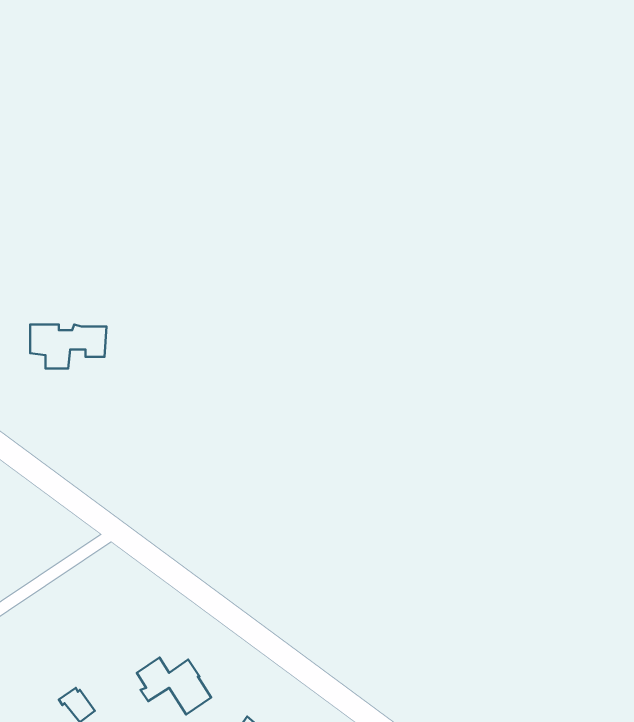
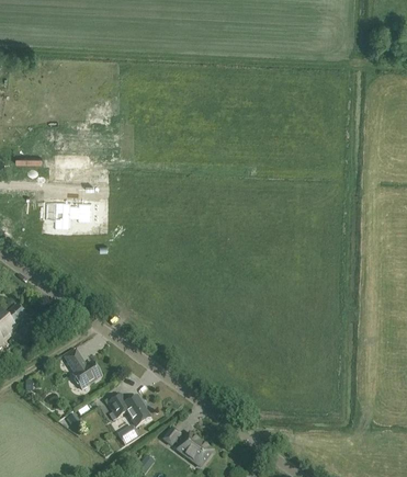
building: none -> [64,350,101,388]

